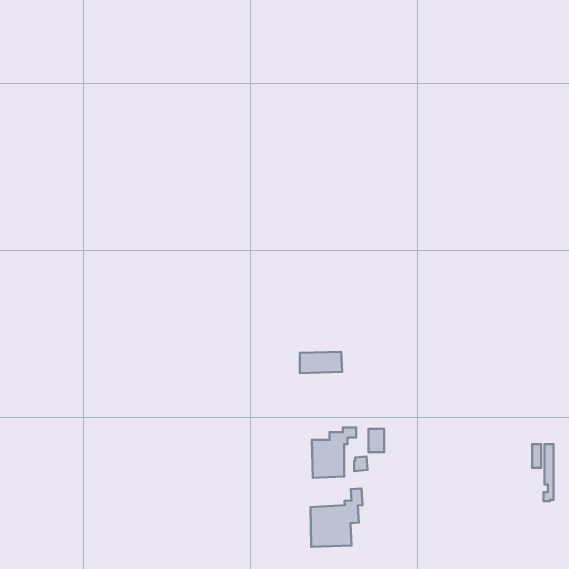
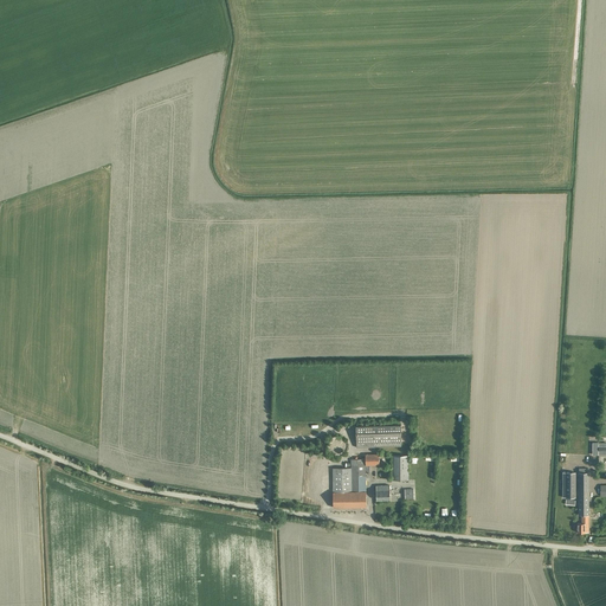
building: [300,352,342,373] -> [356,425,401,447]
building: [310,488,362,547] -> none

